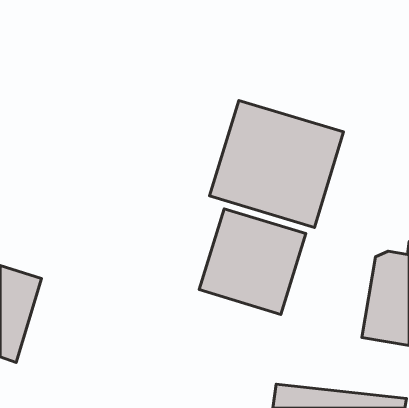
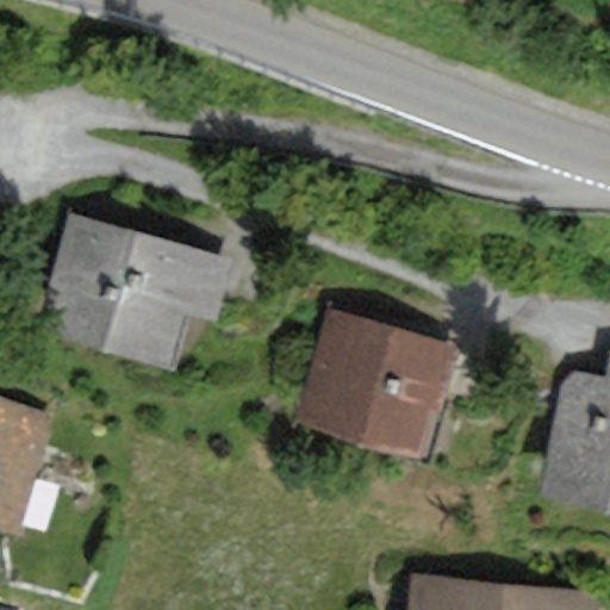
building: [210,100,344,227] -> none
building: none -> [36,212,239,371]

